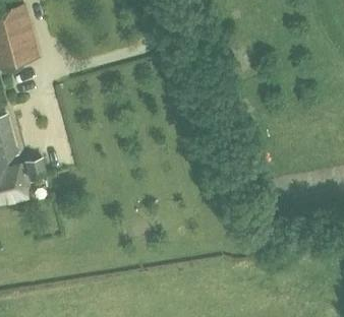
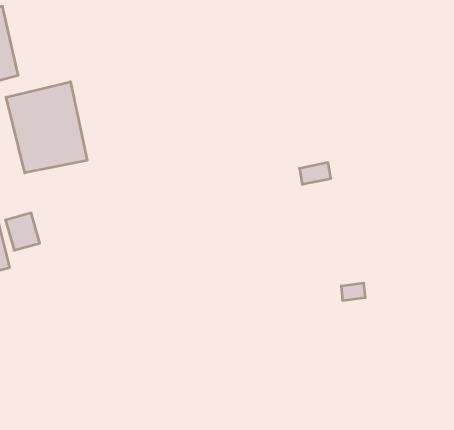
building: none -> [6,82,87,173]

